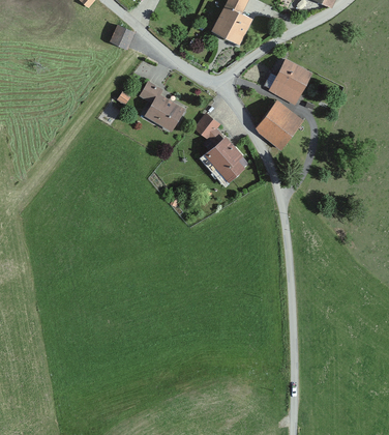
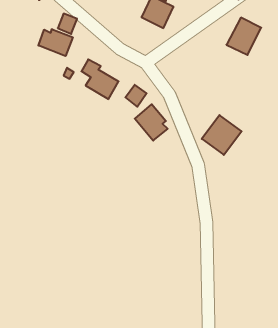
building: none -> [38,29,73,56]
building: [269,59,311,105] -> [226,18,261,55]
building: [253,100,302,149] -> [202,115,242,155]

